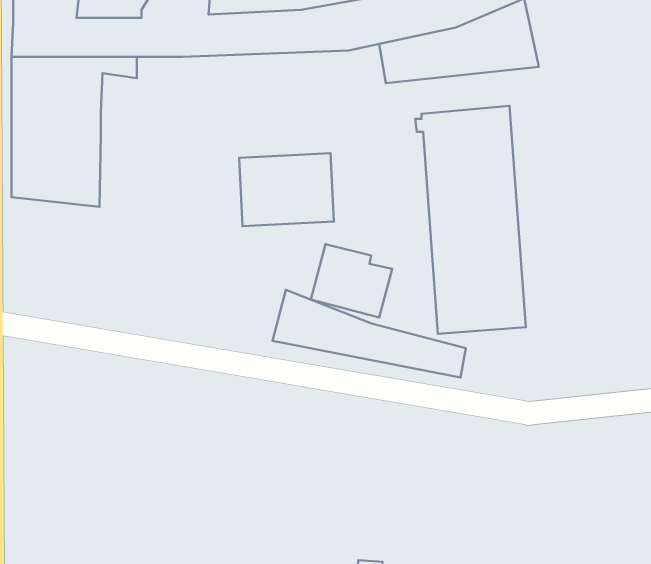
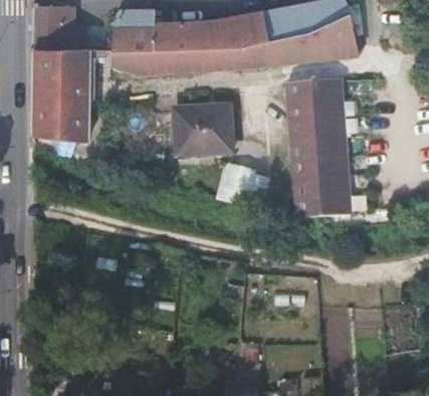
building: none -> [111,41,264,73]
building: [273,290,466,378] -> none

